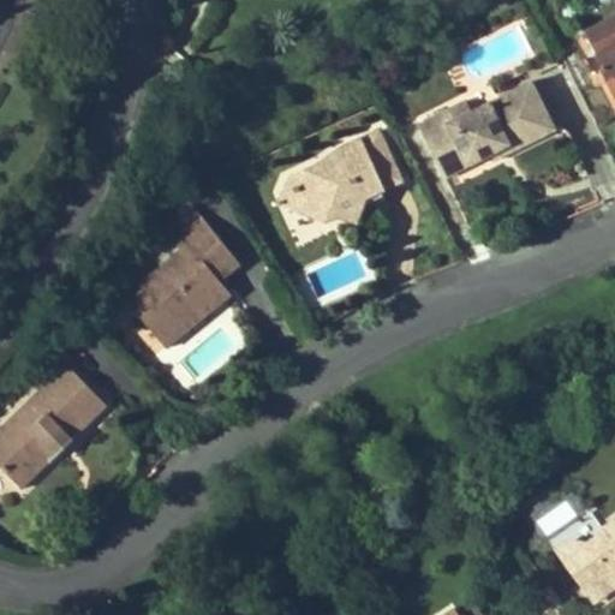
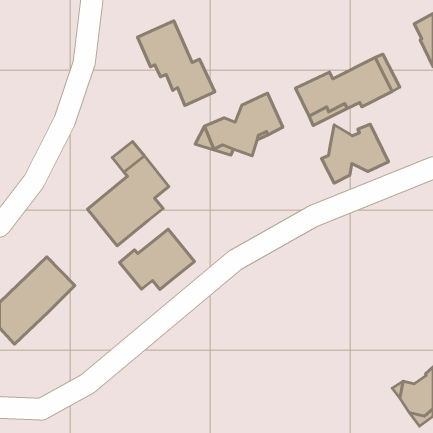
building: none -> [137,21,215,105]
building: none -> [321,124,389,183]
building: none -> [120,229,195,289]

